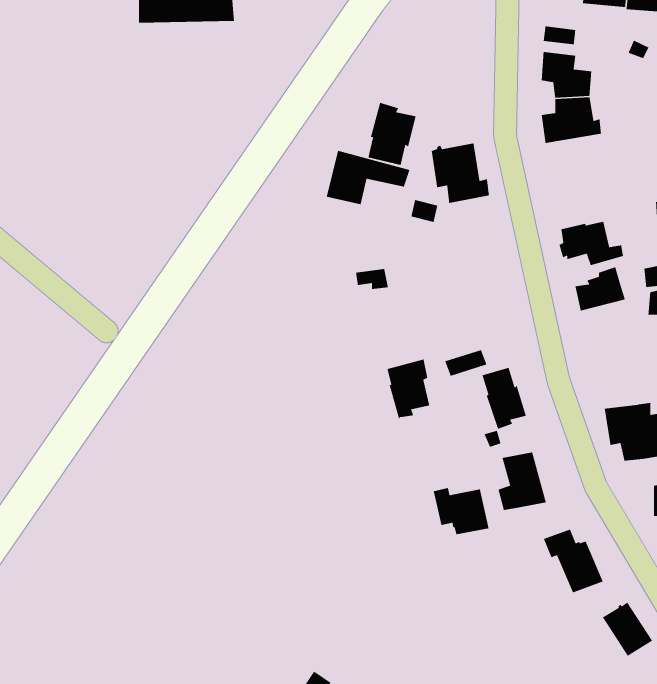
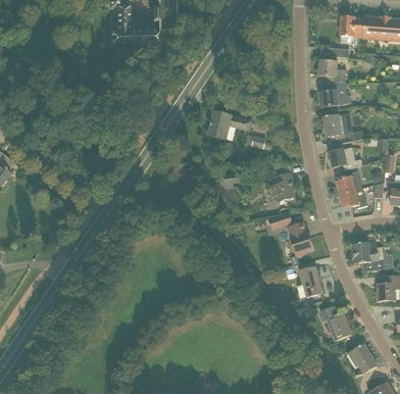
building: [368,102,416,166] -> none
building: [431,143,490,204] -> [322,113,353,145]
building: none -> [339,188,366,207]
building: [387,359,430,420] -> [271,173,294,204]
building: [433,487,489,535] -> none

